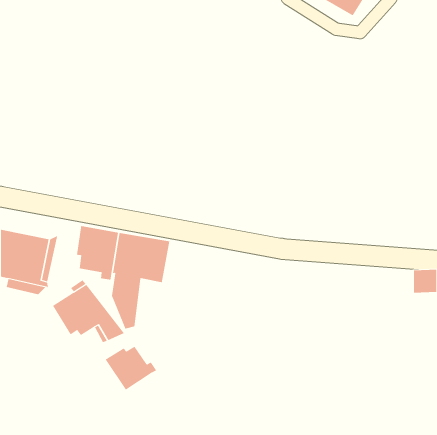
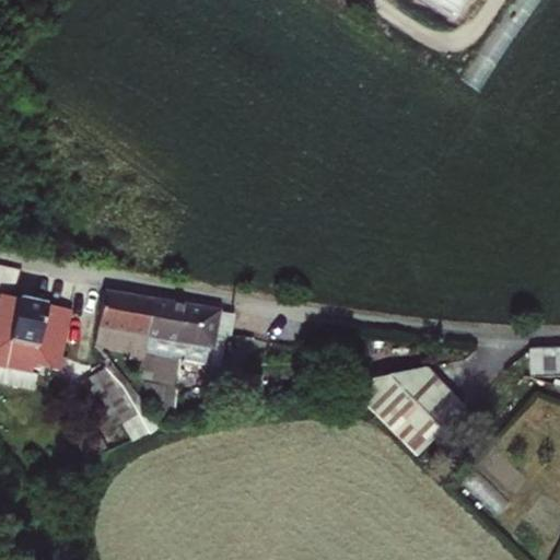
building: none -> [347,366,464,454]
building: [105,346,157,391] -> none

